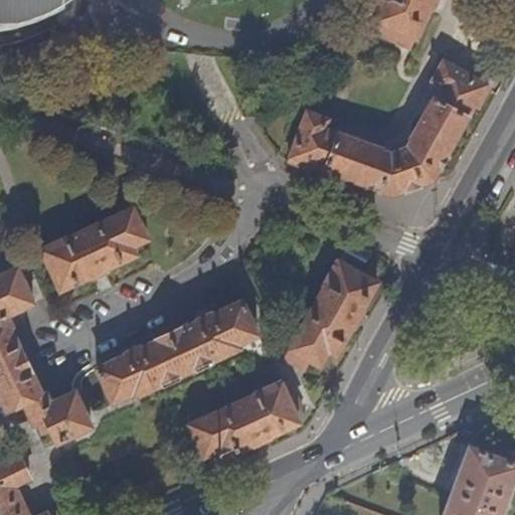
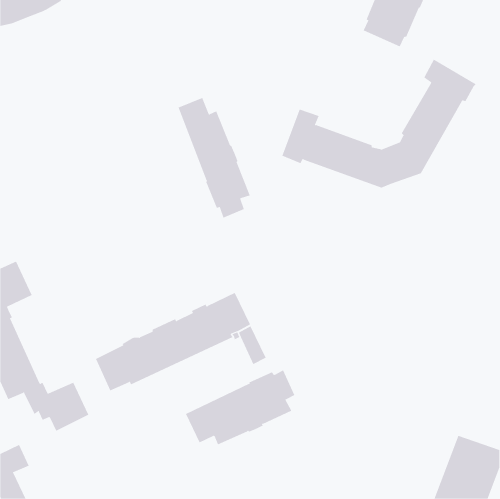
building: none -> [178,97,251,218]
building: [41,207,147,289] -> none
building: [285,244,377,370] -> none

